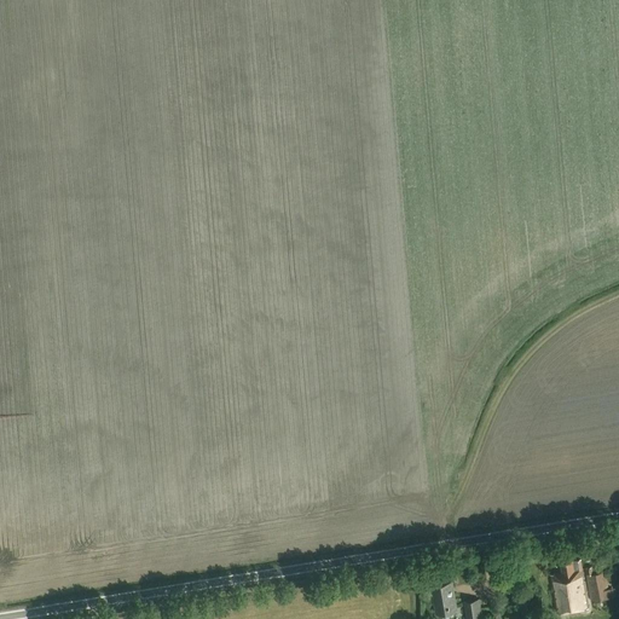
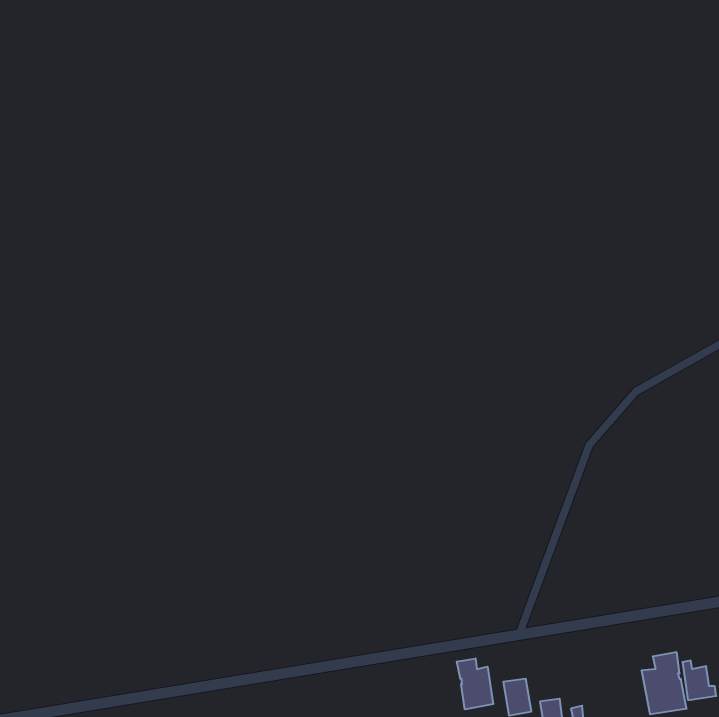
building: none -> [457,658,493,709]

